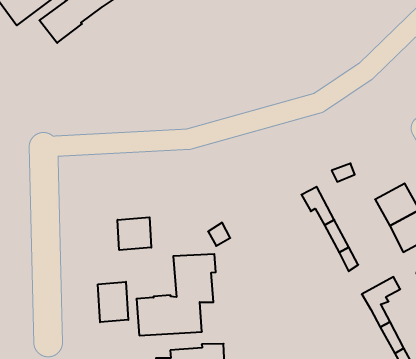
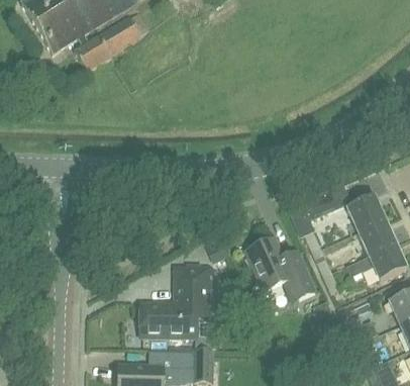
building: none -> [346,193,385,230]
building: none -> [246,236,315,299]
building: [118,217,151,250] -> none
building: [98,282,128,322] -> none

